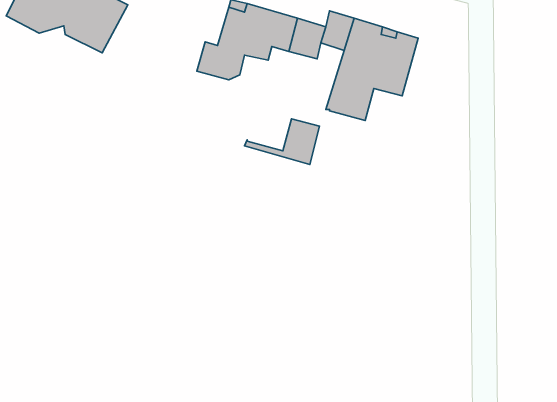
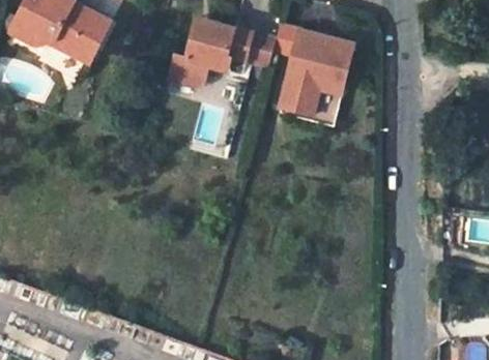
building: [245,119,320,164] -> [279,90,342,128]

